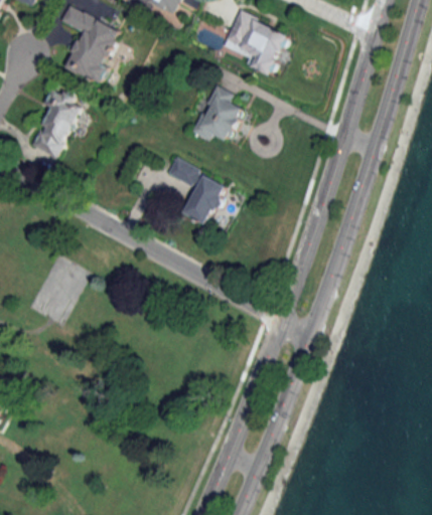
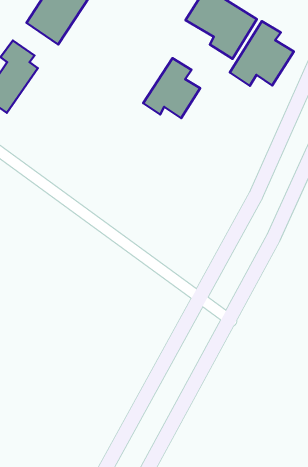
building: none -> [230,21,294,86]
building: [163,157,227,225] -> none

